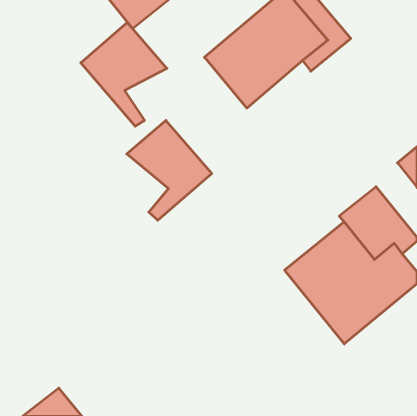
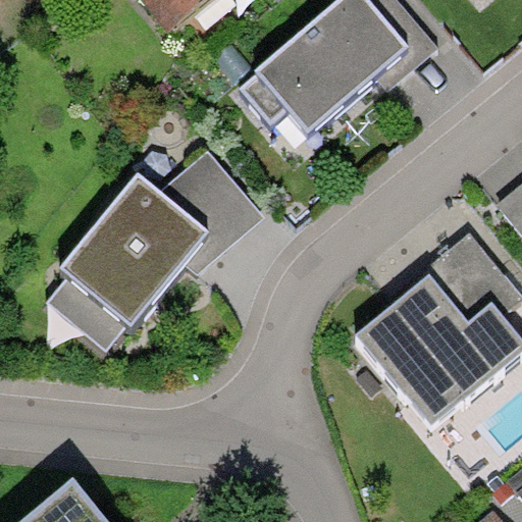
building: [81,23,167,126] -> none
building: none -> [46,175,210,350]

